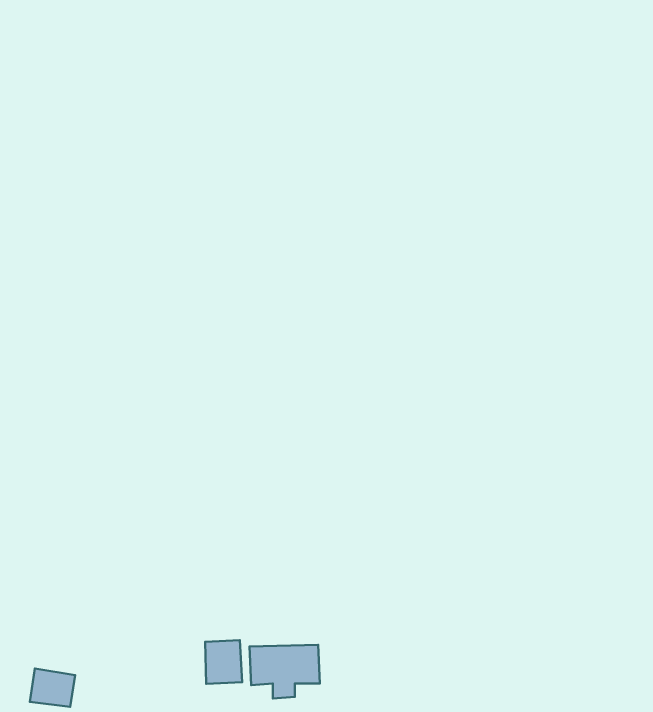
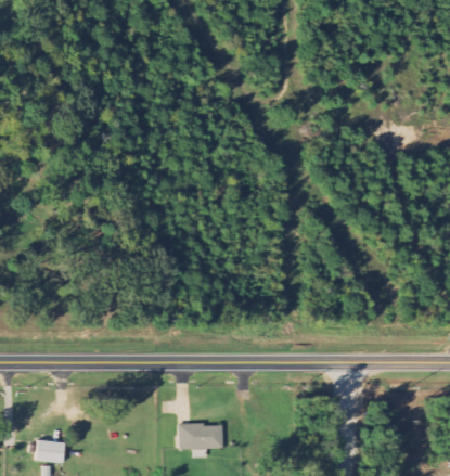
building: [205,640,242,684] -> none

